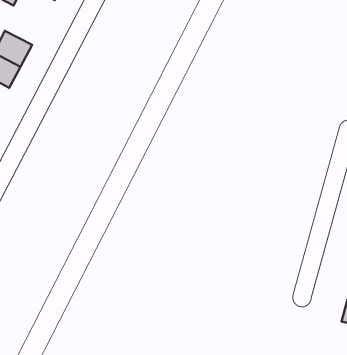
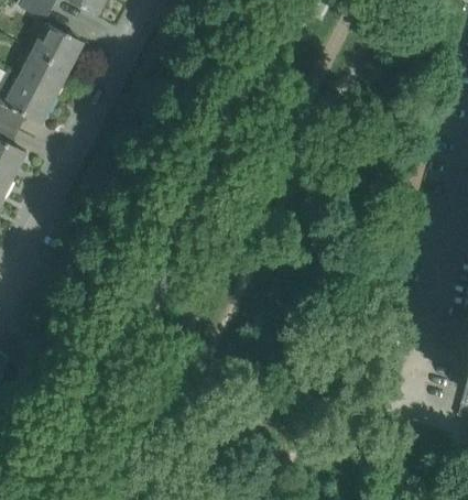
building: none -> [33,25,80,68]

